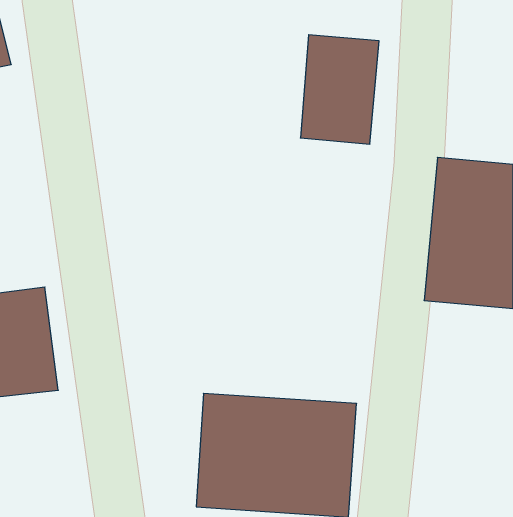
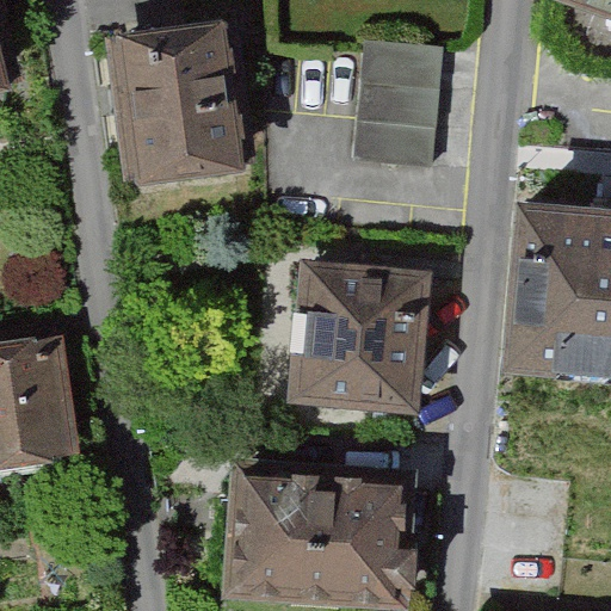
building: none -> [110,24,251,178]
building: none -> [296,266,430,409]

